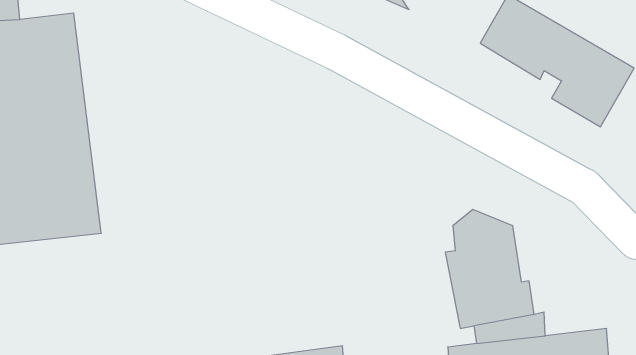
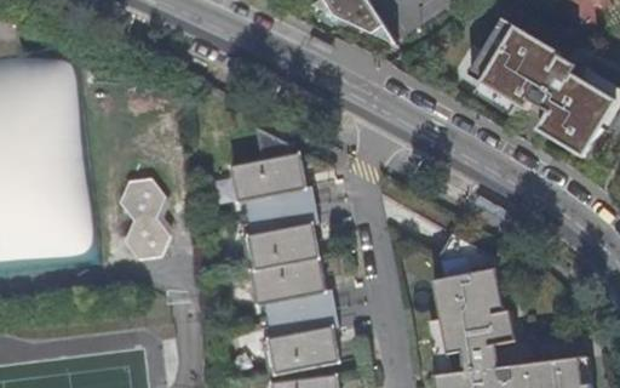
building: none -> [235,115,334,366]
building: none -> [117,176,168,258]

